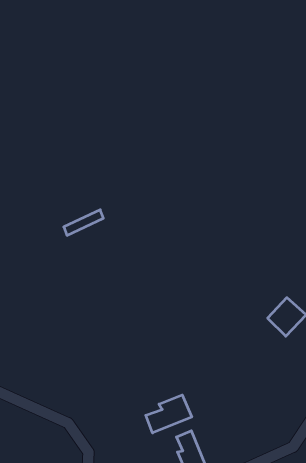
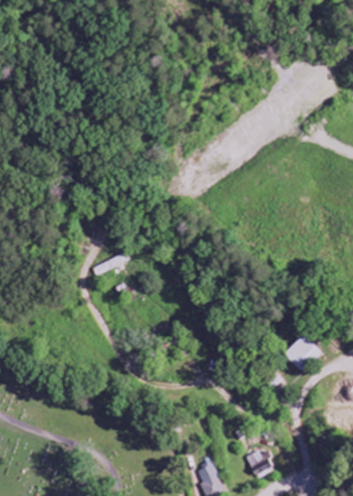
building: [146,395,192,433] -> none
building: none -> [246,448,276,478]

